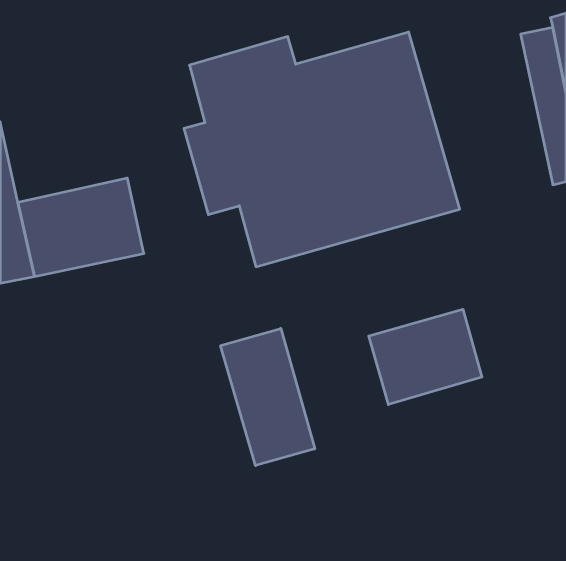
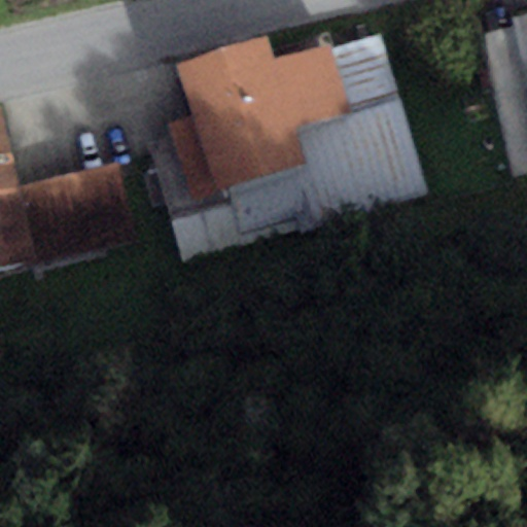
building: [369,309,482,405] -> none
building: [221,328,315,466] -> none

